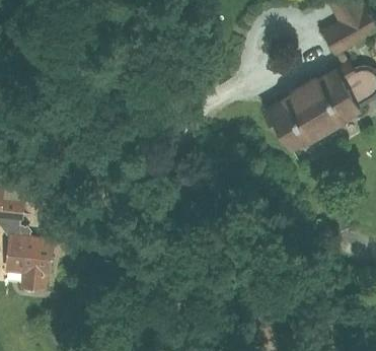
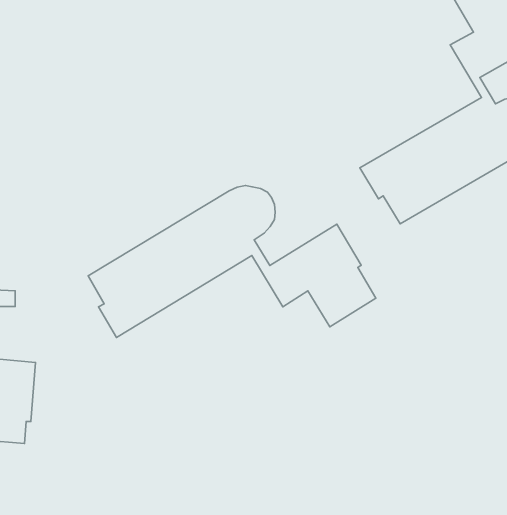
building: none -> [88,186,376,337]

